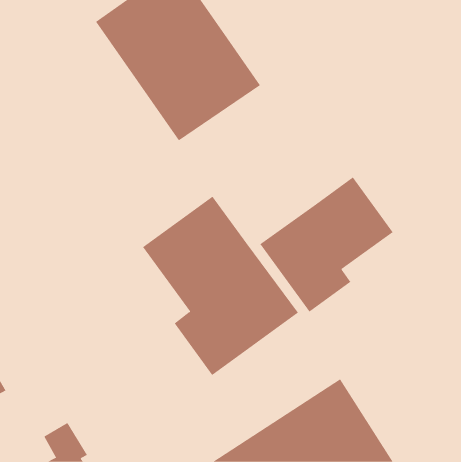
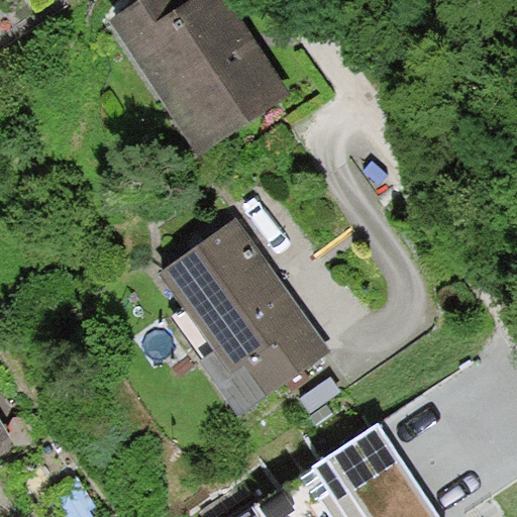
building: [260,176,393,312] -> none

